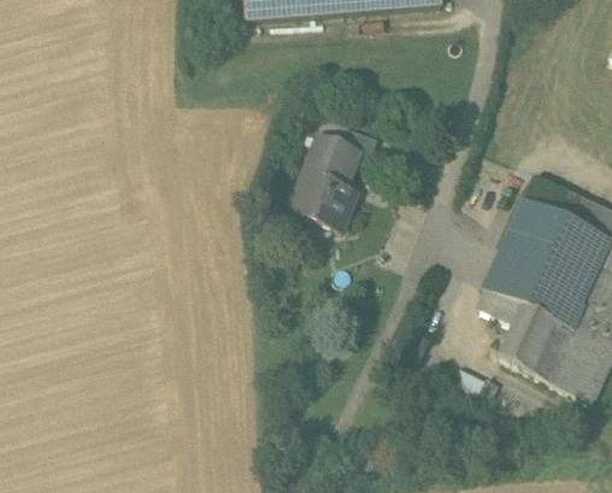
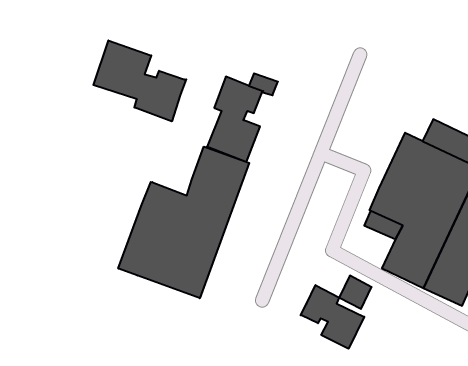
building: none -> [93,40,186,121]
building: none -> [118,147,249,298]
building: none -> [301,285,364,349]

